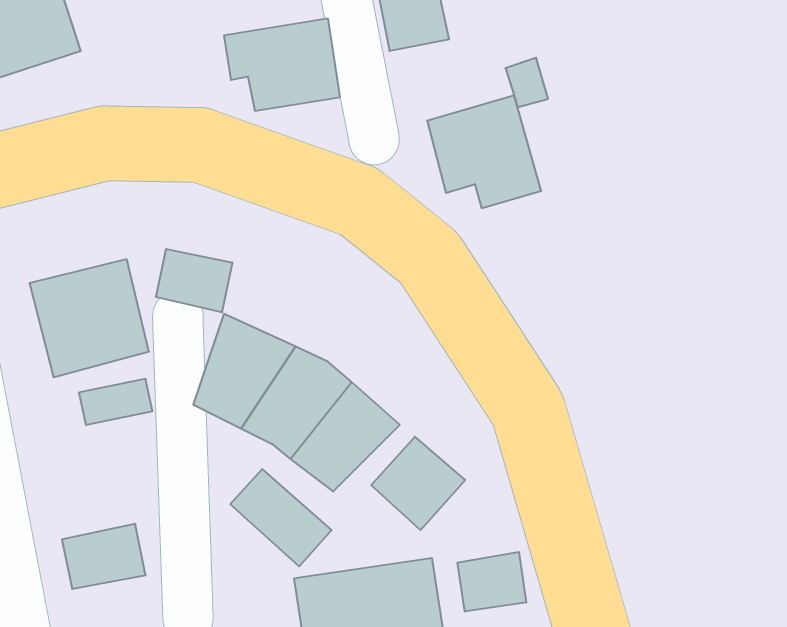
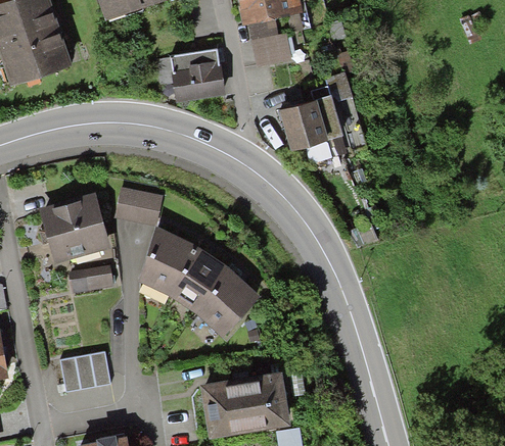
building: [371,437,465,530] -> none
building: [230,469,332,566] -> none
building: [457,552,526,612] -> none

